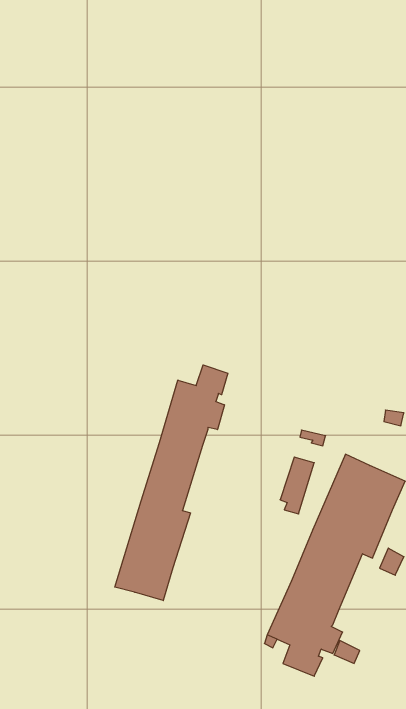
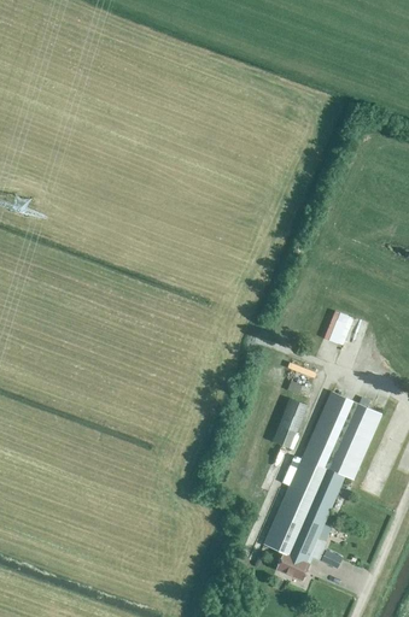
building: [115,365,228,601] -> none

